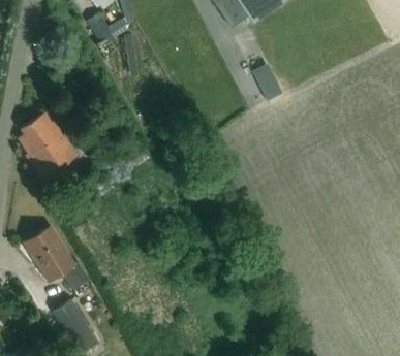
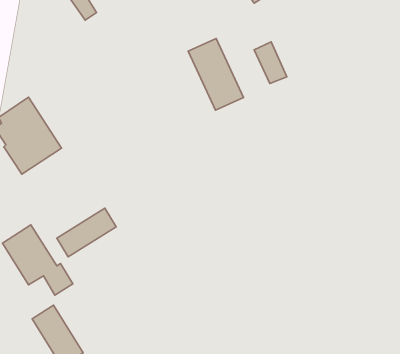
building: none -> [188,39,244,110]
building: none -> [57,208,116,257]

